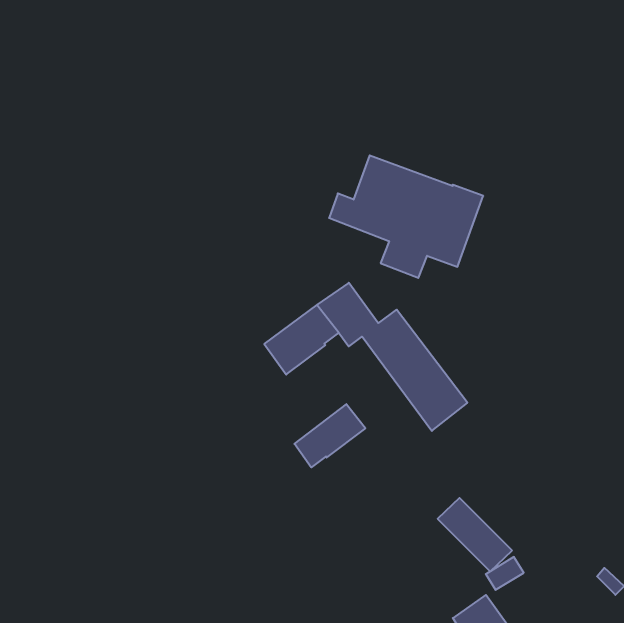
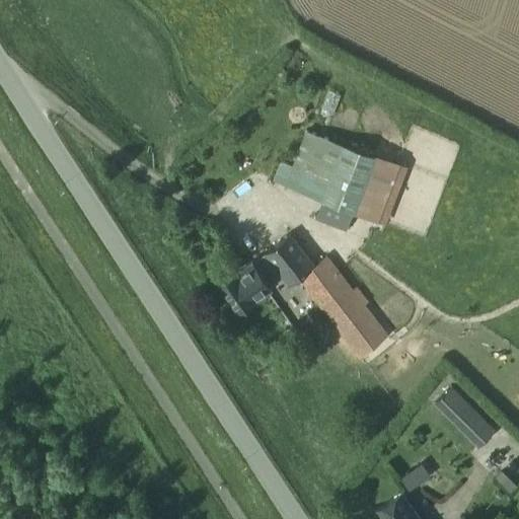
building: [294,404,365,467] -> none
building: [438,498,512,571] -> [435,387,497,448]

